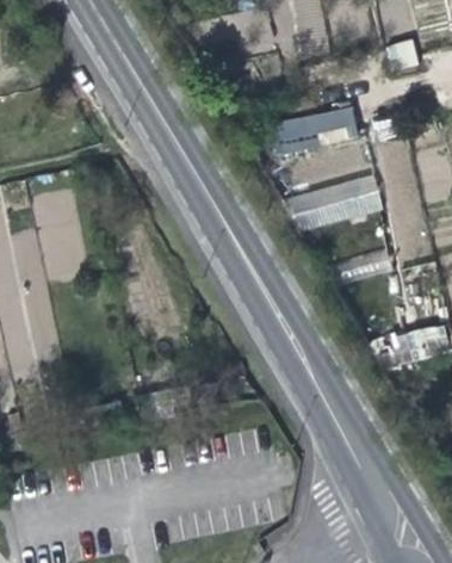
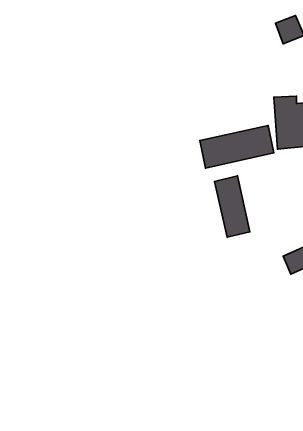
building: [268,106,357,154] -> none
building: none -> [215,176,250,237]

